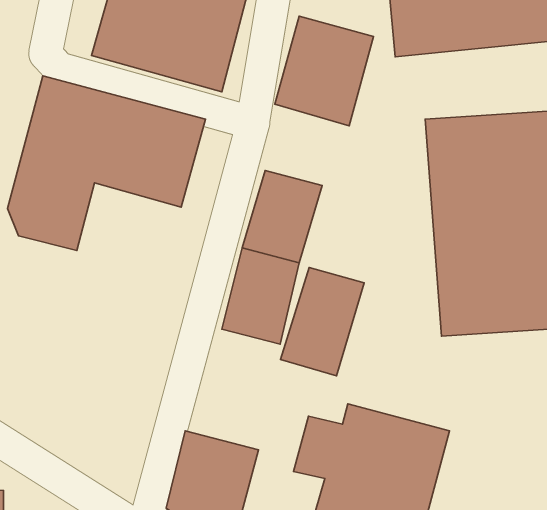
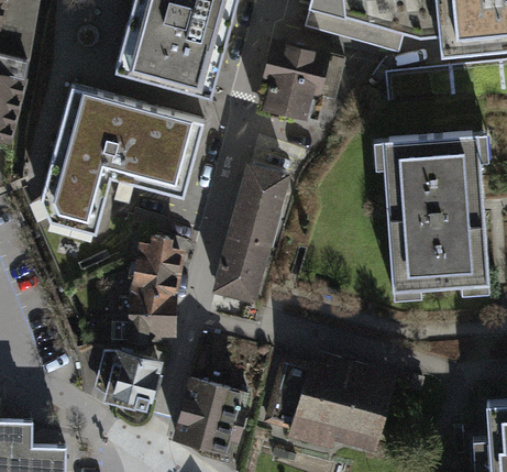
building: [280,267,364,376] -> none
building: none -> [126,244,180,349]
building: none -> [107,354,165,416]

